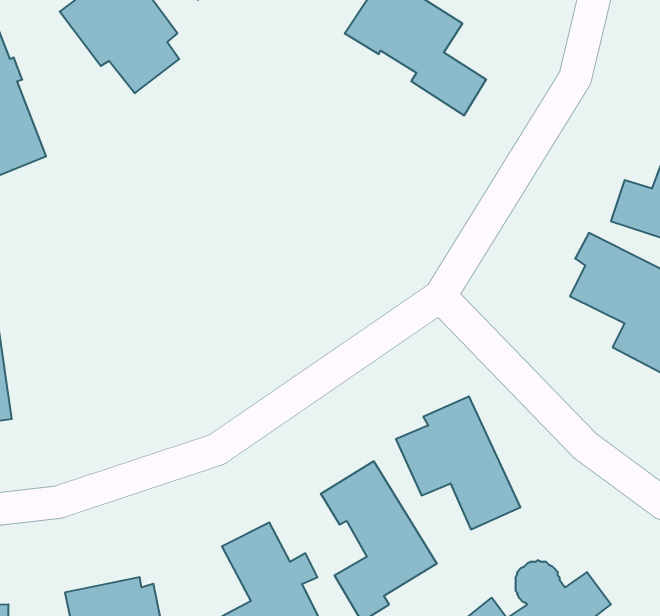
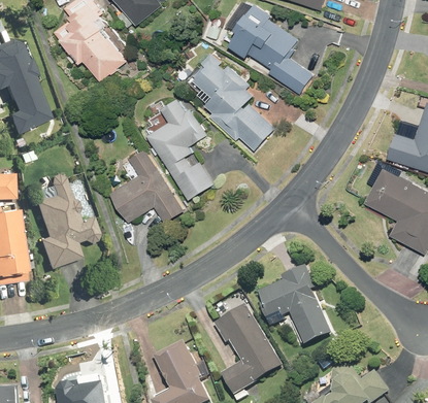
building: none -> [195,53,274,149]
building: none -> [149,99,213,202]
building: none -> [111,145,184,223]
building: none -> [31,175,96,269]

